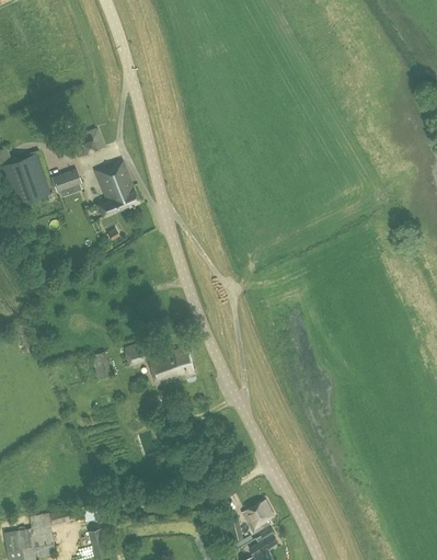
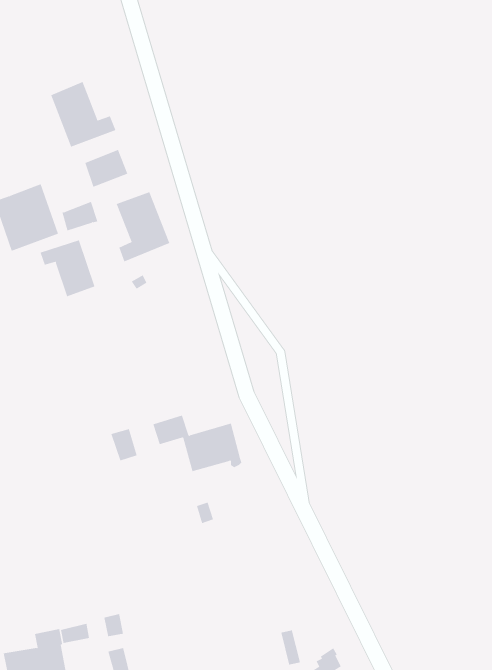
building: none -> [50,81,116,147]
building: none -> [40,240,95,297]
building: [243,500,274,532] -> none

